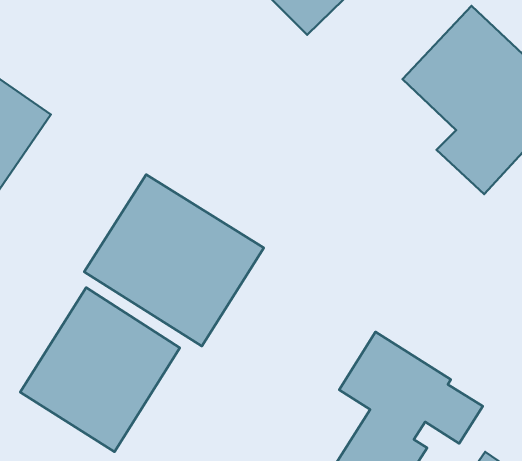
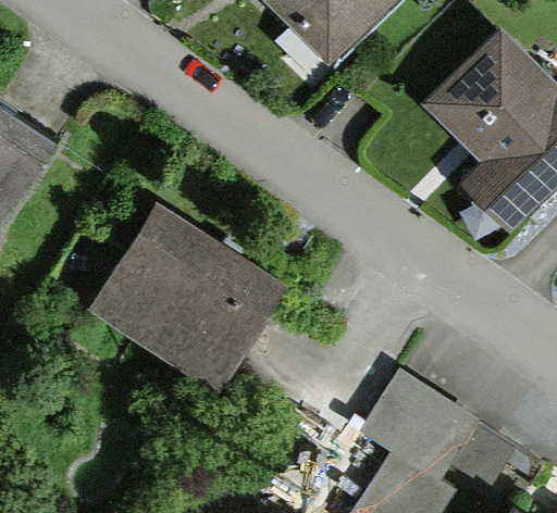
building: [20,287,180,452] -> none

